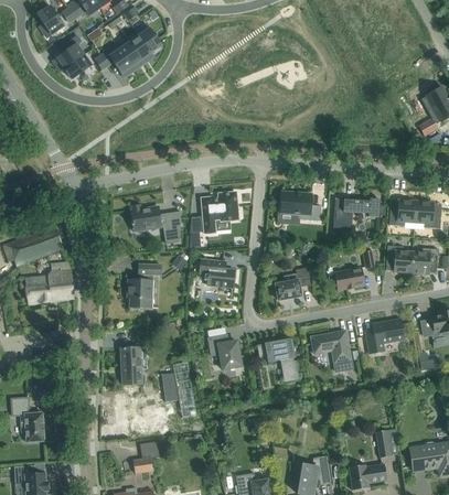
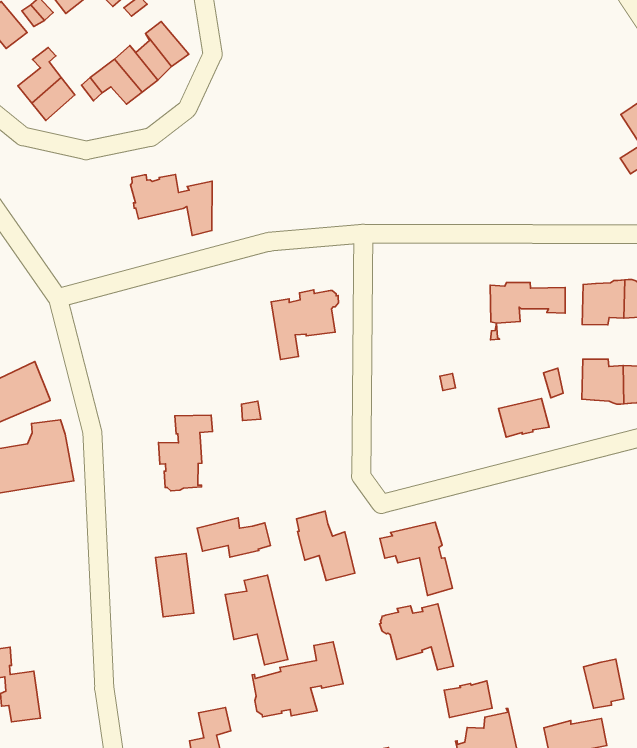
building: [280,192,321,222] -> none
building: [130,205,180,244] -> [131,175,212,235]
building: [199,259,234,288] -> none
building: [274,268,310,300] -> none
building: [364,319,404,354] -> none
building: none -> [197,518,270,557]
building: [311,331,352,373] -> none
building: none -> [379,604,454,670]
building: none -> [252,642,343,717]
building: none -> [444,681,492,717]

